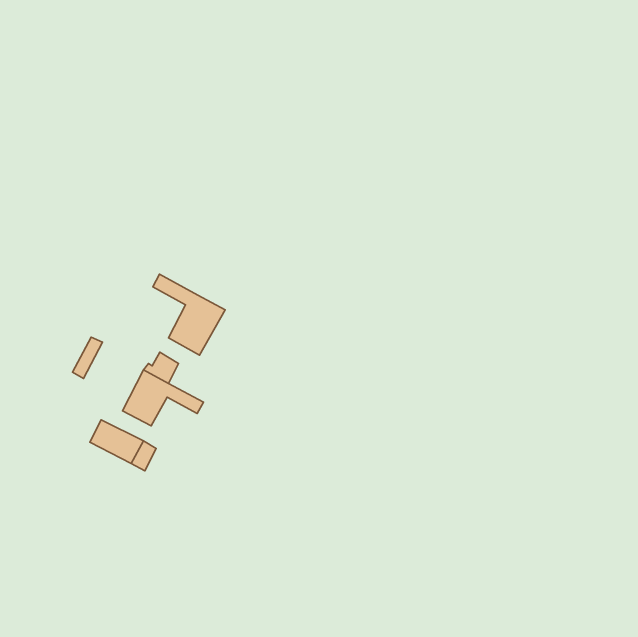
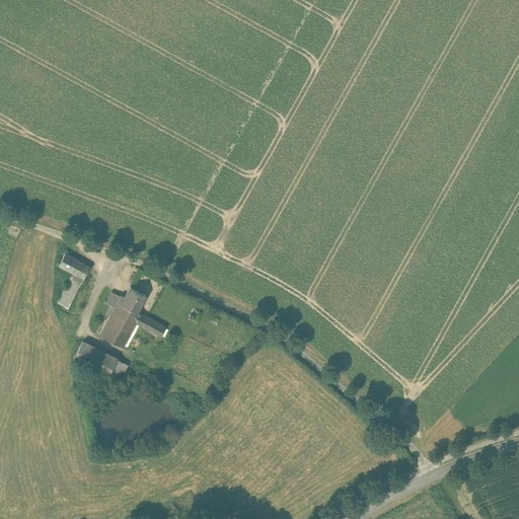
building: [153,274,225,355] -> none
building: none -> [58,253,89,279]

